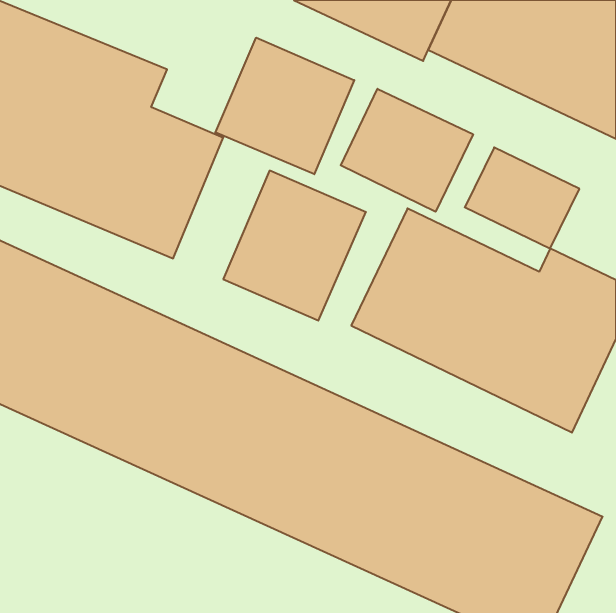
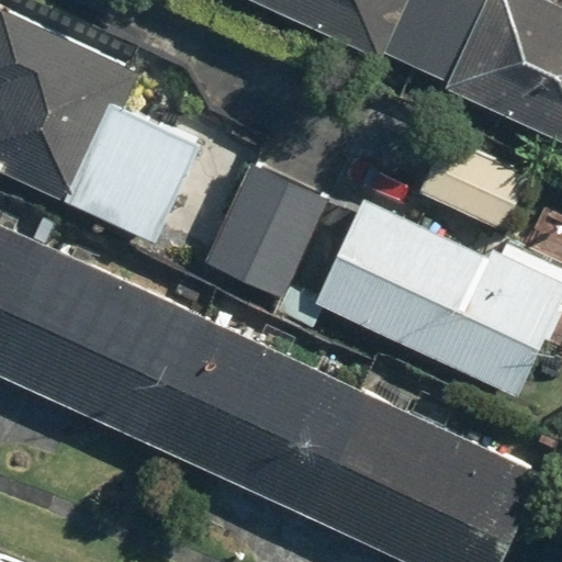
building: [215,38,354,174] -> none
building: [341,89,473,212] -> none

